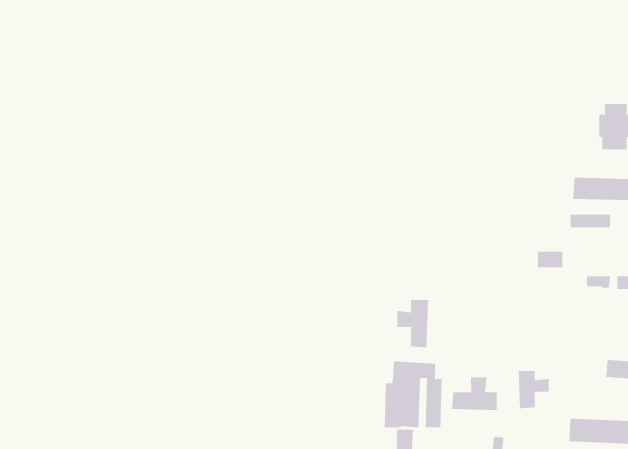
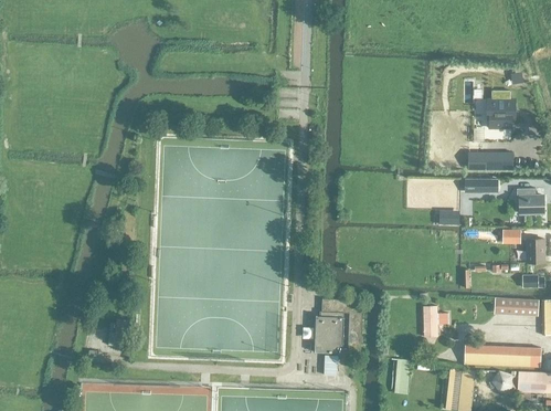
building: [397,299,428,348] -> none
building: [451,377,497,411] -> none

